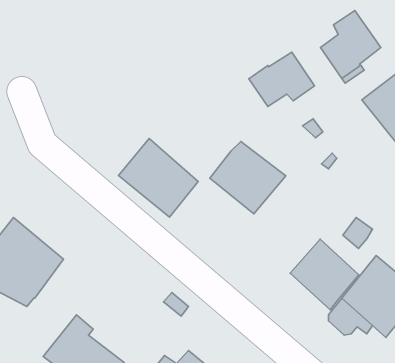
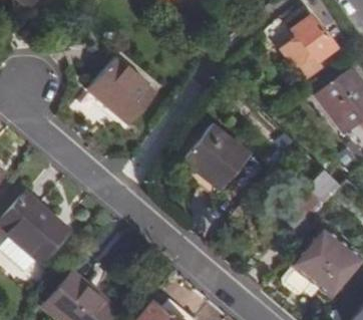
building: [249,52,315,106] -> none
building: [118,139,198,217] -> [90,54,157,120]
building: [290,239,359,310] -> none

